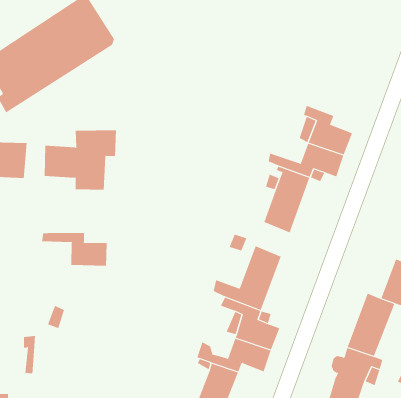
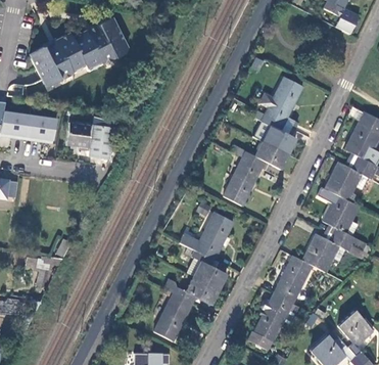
building: none -> [264,76,302,124]
building: [42,232,107,267] -> none

